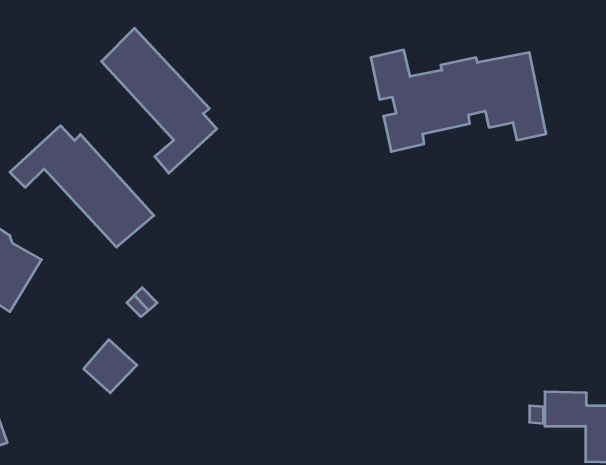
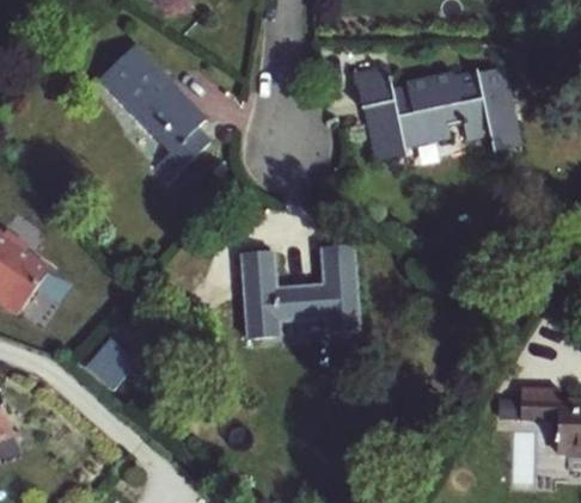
building: [10,126,154,247] -> none
building: none -> [239,245,361,337]

